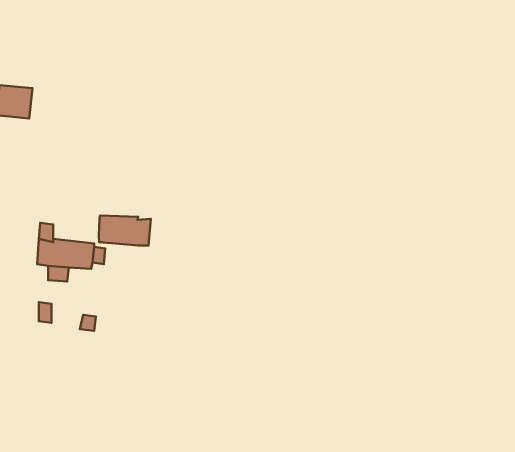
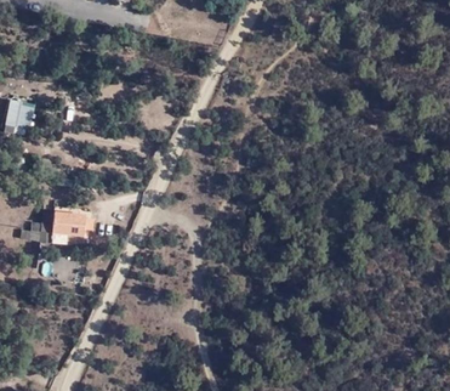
building: [99,215,151,245] -> none

